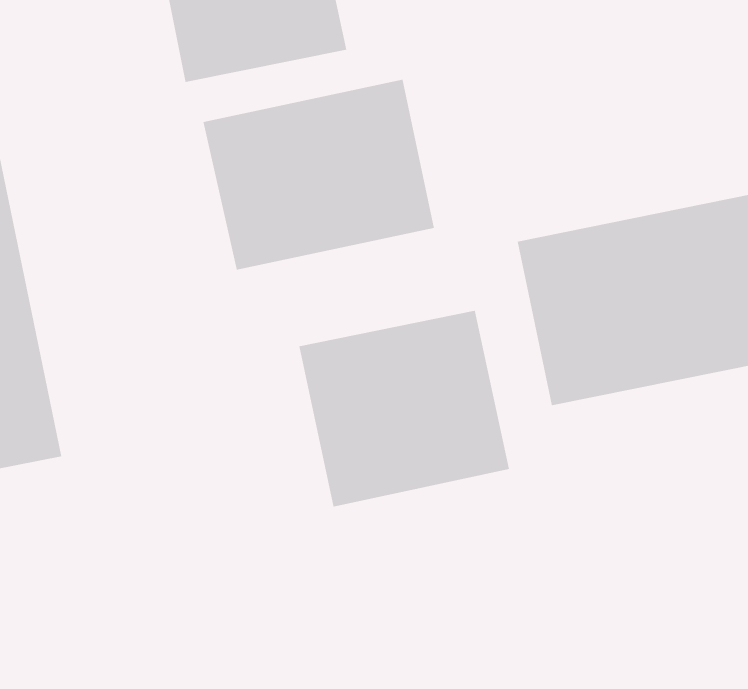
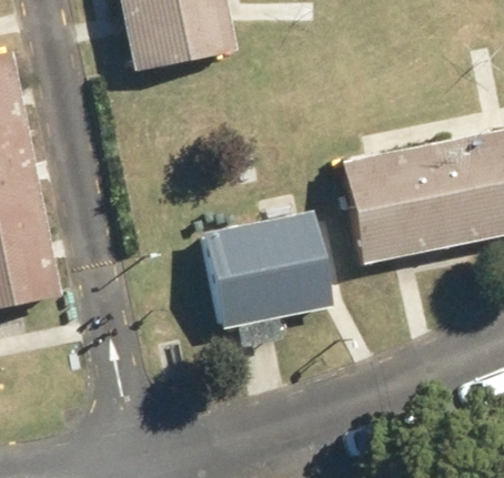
building: [203,79,435,270] -> none

